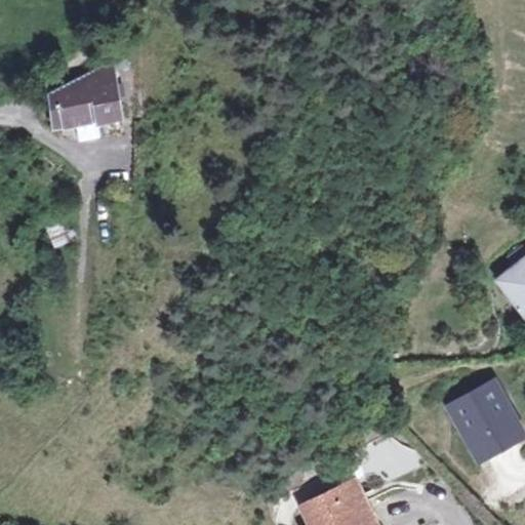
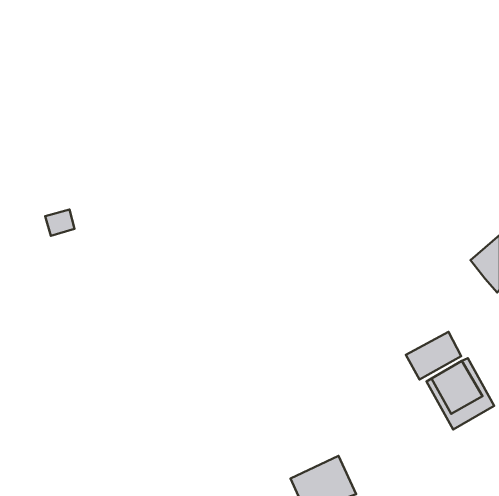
building: [49,67,118,128] -> none
building: none -> [406,332,461,379]

